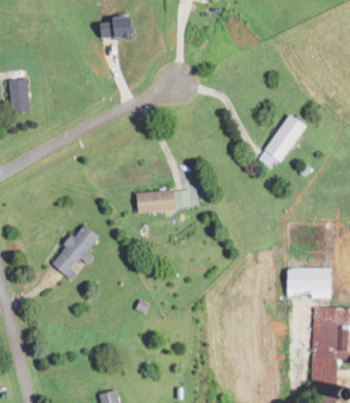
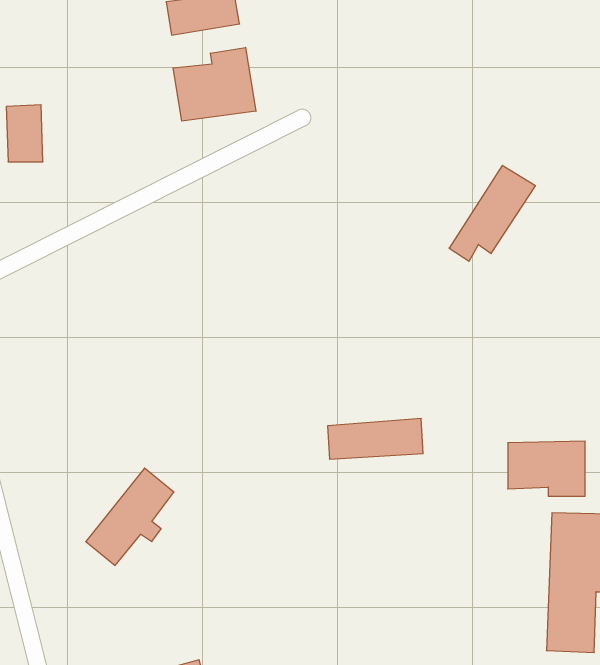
building: none -> [173,47,256,121]
building: [136,188,189,211] -> [328,419,423,459]
building: [50,222,100,277] -> [86,468,174,566]

